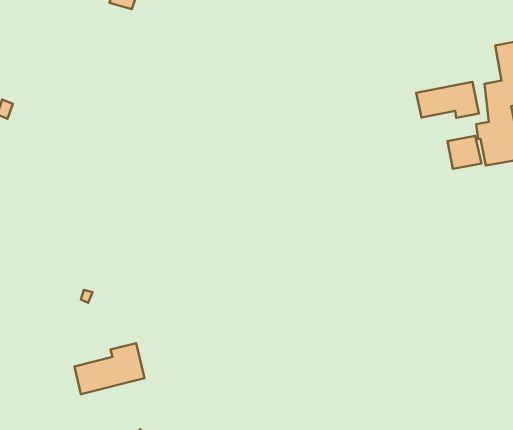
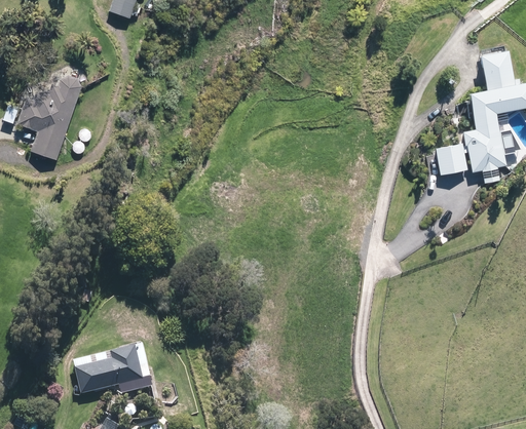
building: none -> [16,77,81,163]
building: [416,82,479,118] -> none

